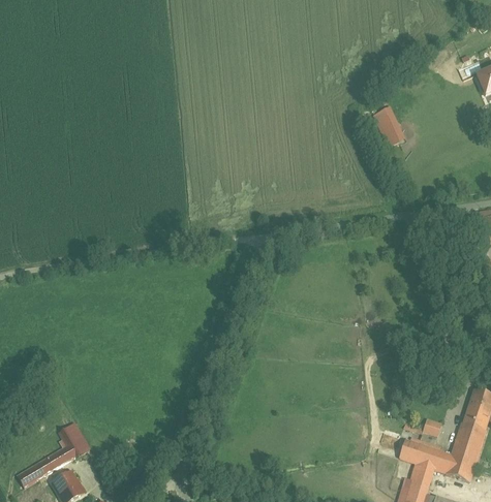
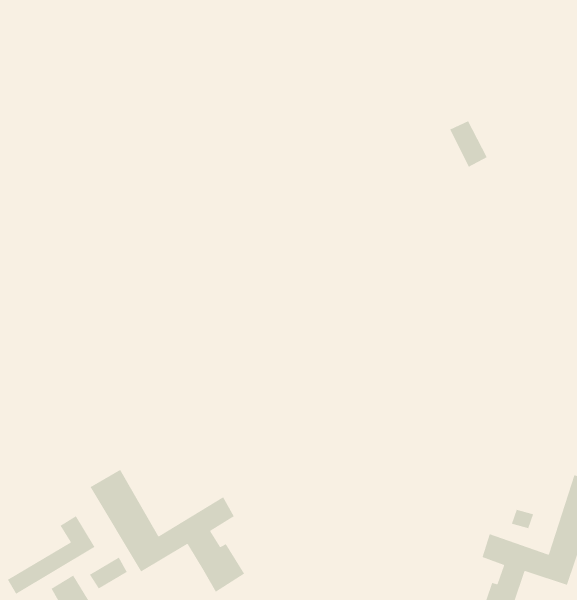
building: none -> [90,469,245,593]
building: none -> [89,556,128,589]

